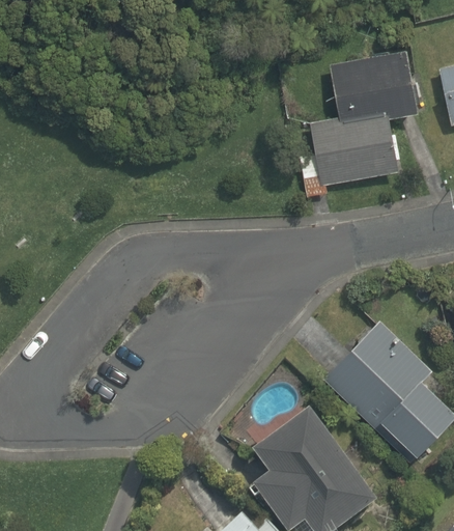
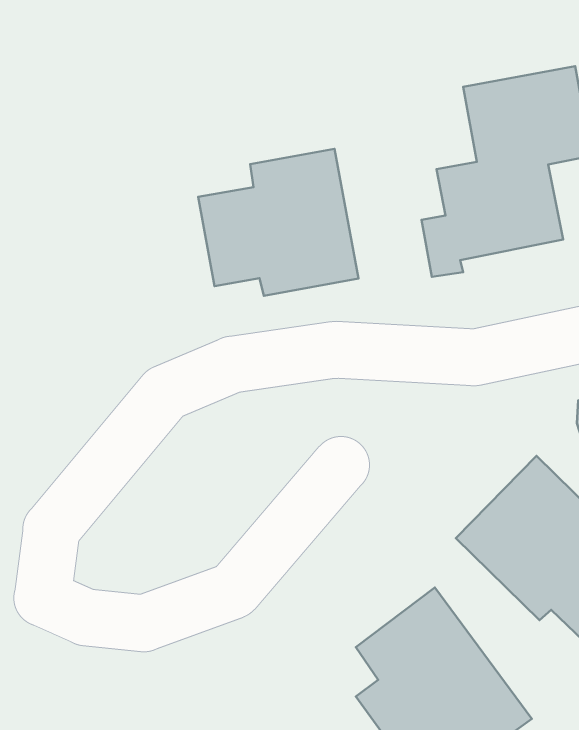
building: none -> [198,149,358,296]

